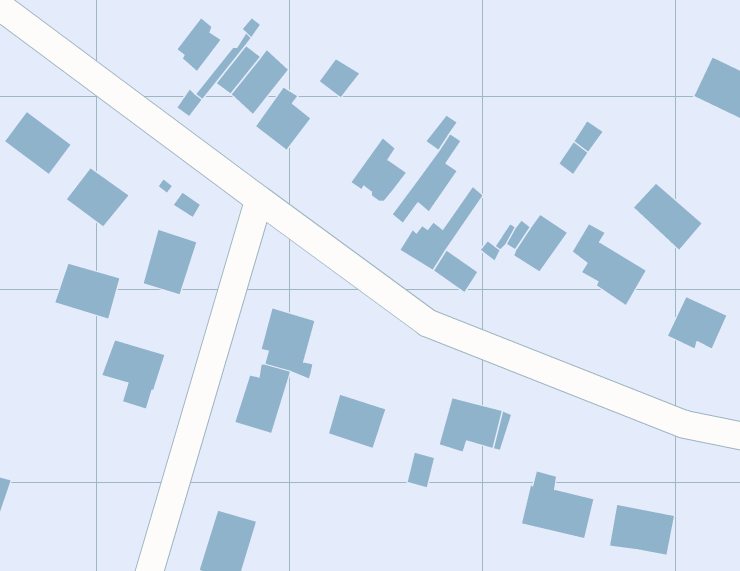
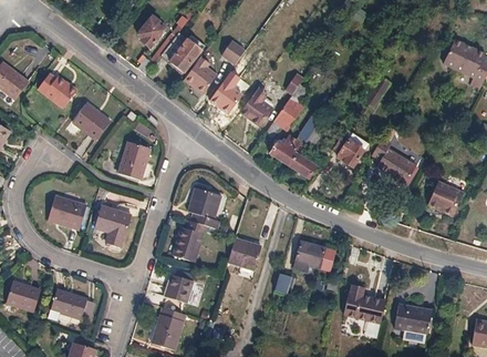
building: none -> [211,70,251,113]
building: [633,183,703,251] -> none
building: [55,263,120,319] -> [48,196,86,230]
building: none -> [165,274,194,303]
building: none -> [50,289,87,322]

